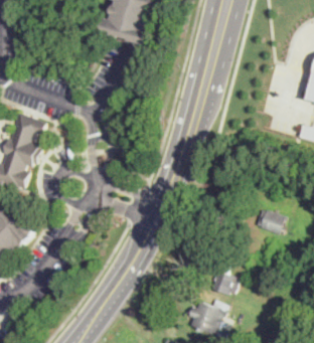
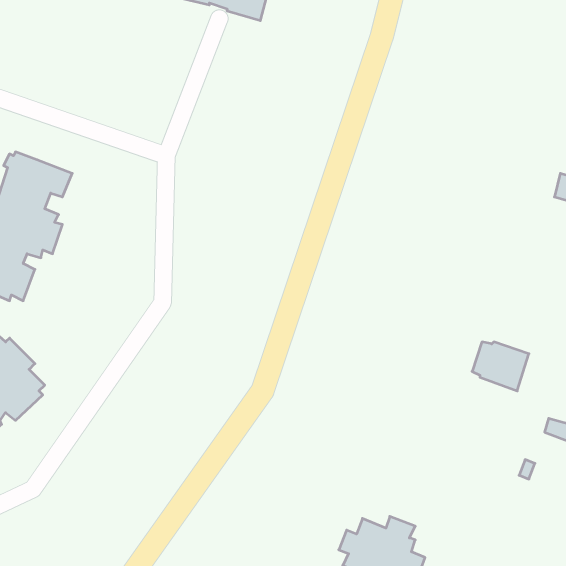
building: [208,265,237,296] -> none

